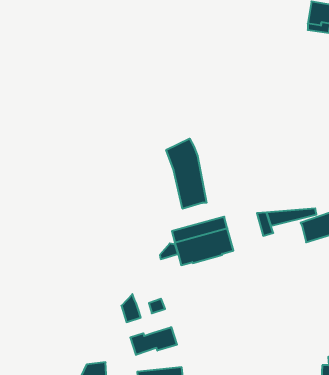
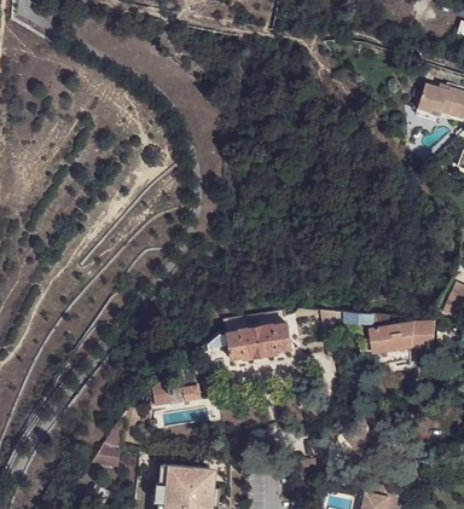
building: [166,139,207,209] -> none
building: [130,327,177,355] -> none

